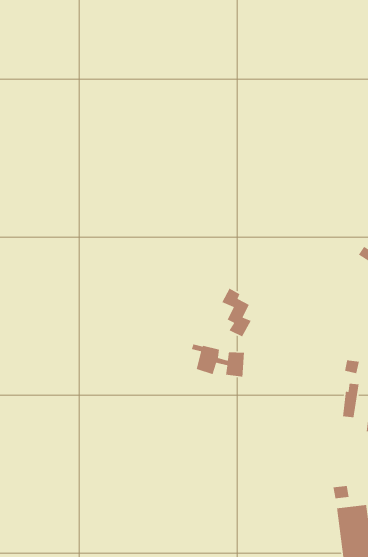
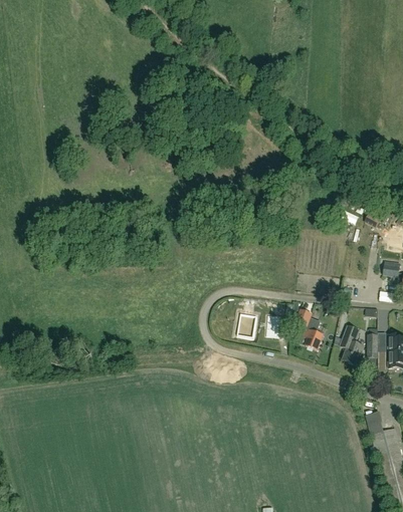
building: [221,288,252,337] -> [295,308,323,348]
building: none -> [339,324,364,362]

